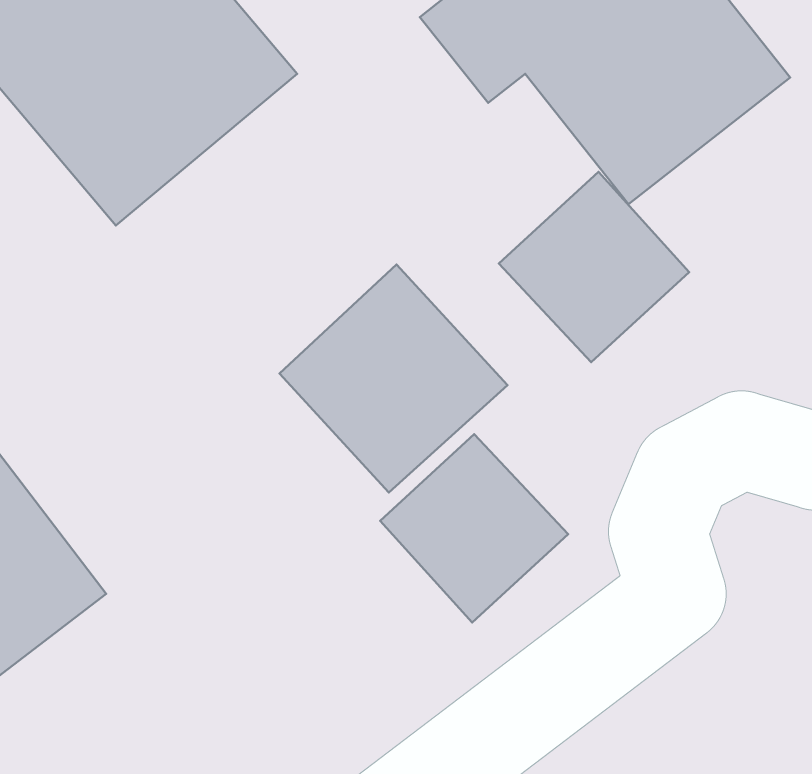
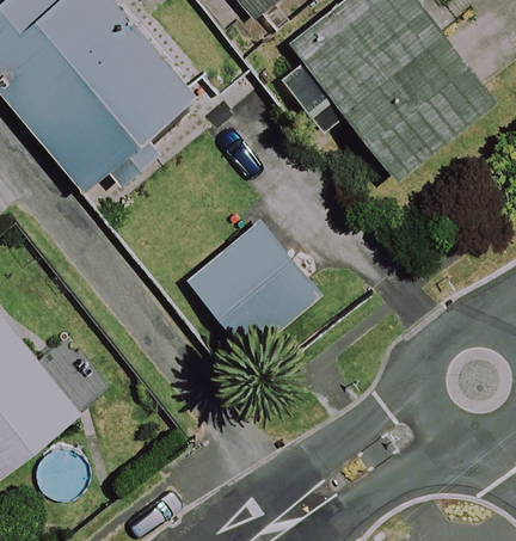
building: [499,172,689,362] -> none
building: [380,434,568,622] -> none

